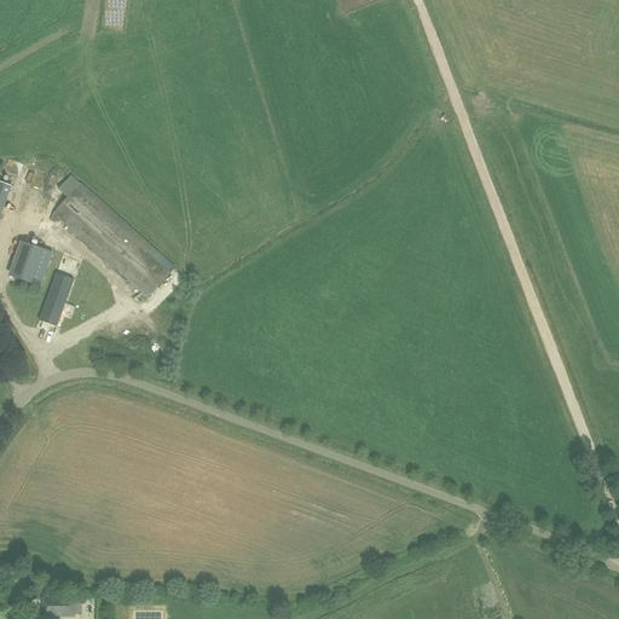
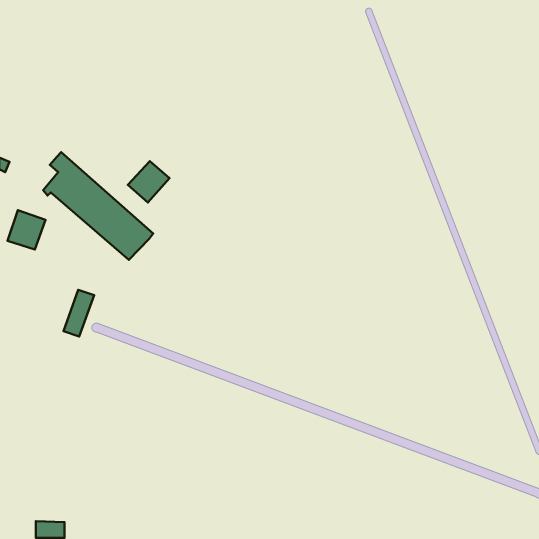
building: none -> [128,161,169,203]
building: [36,272,71,325] -> [63,290,94,336]

